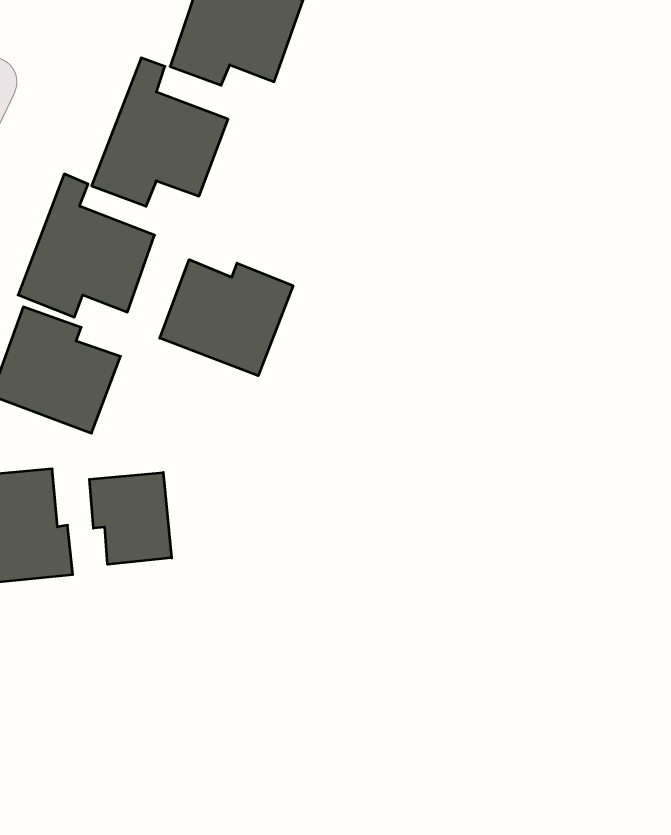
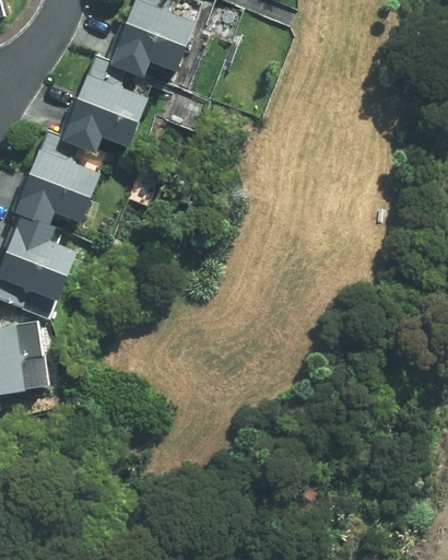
building: [160,260,293,376] -> none
building: [89,472,172,564] -> none

